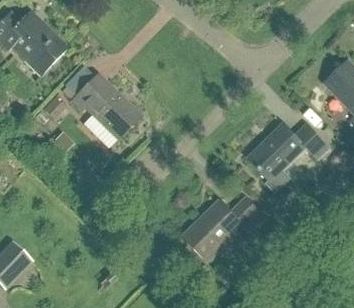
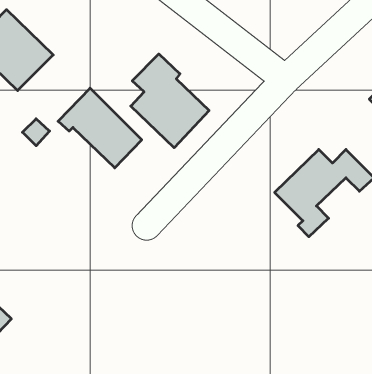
building: none -> [131,54,209,148]
building: [182,198,263,261] -> none

